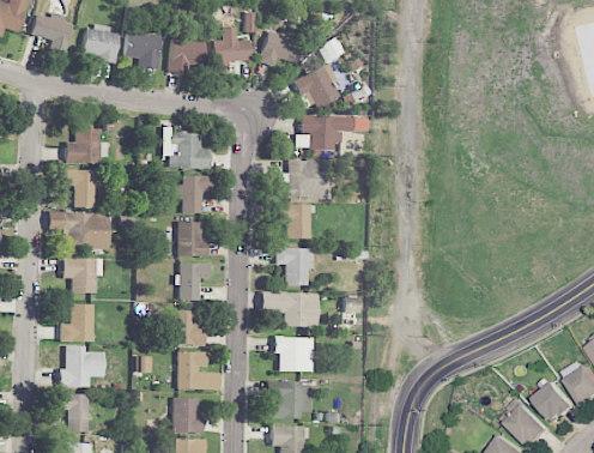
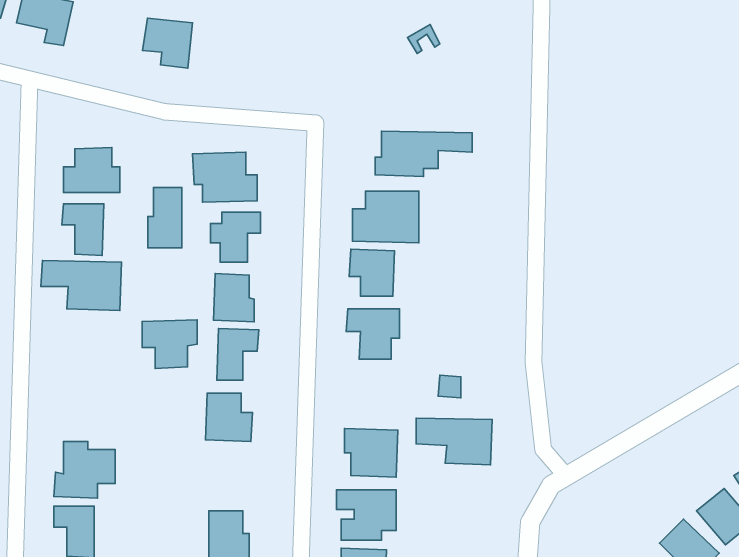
building: [81,25,119,64] -> none
building: [212,28,250,72] -> none
building: [257,31,303,67] -> none
building: [169,40,205,71] -> none
building: [292,66,339,111] -> none
building: none -> [148,188,182,248]
building: [61,258,102,294] -> [142,320,197,368]
building: [261,292,317,327] -> [416,418,492,465]
building: [59,304,92,343] -> none
building: [177,351,218,389] -> none

